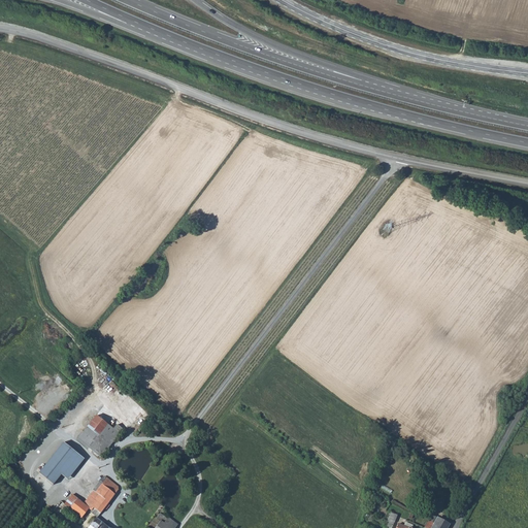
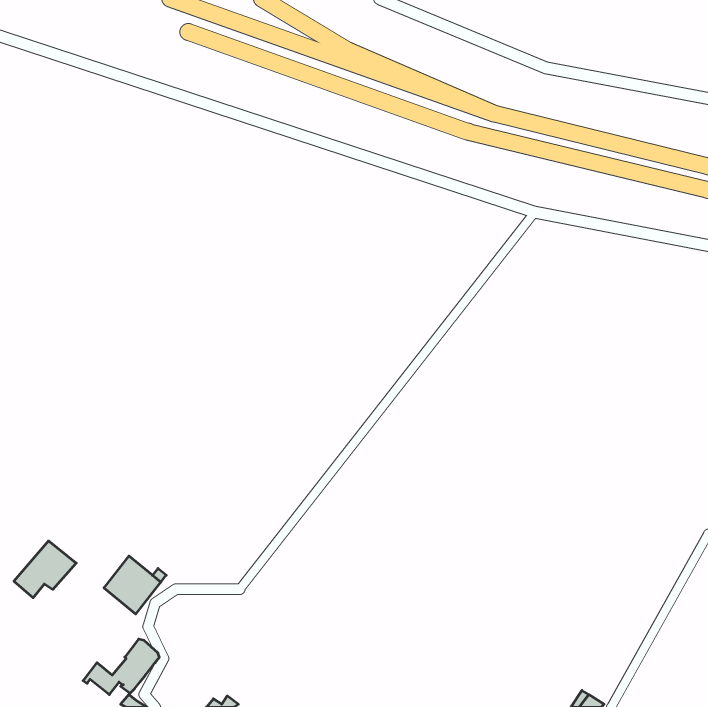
building: [38,442,85,485] -> [14,541,76,598]

